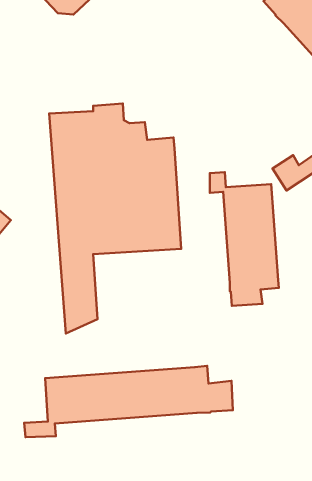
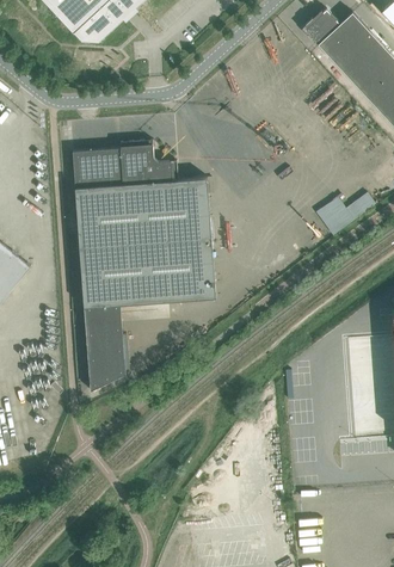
building: [210,172,279,306] -> none
building: [24,366,233,437] -> none

